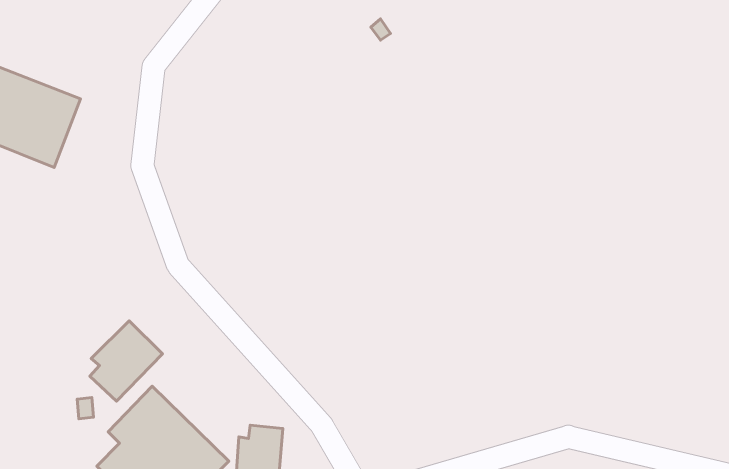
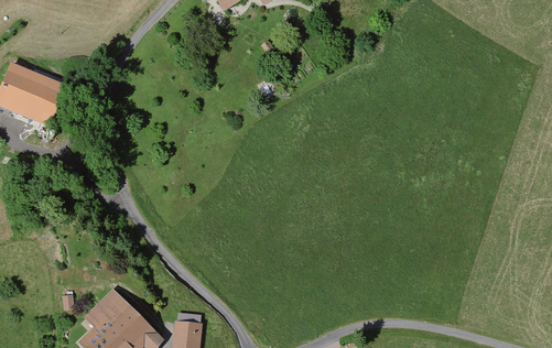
building: [90,321,163,401] -> none

